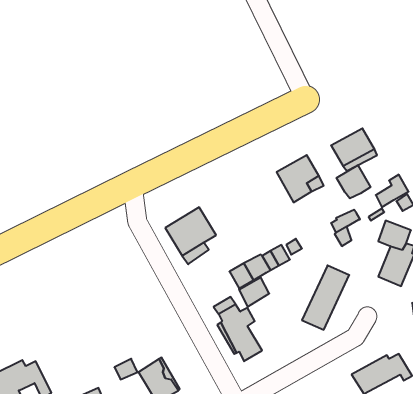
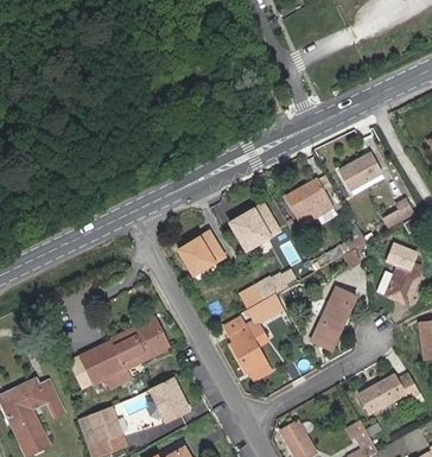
building: [337,165,370,198] -> none
building: none -> [229,202,279,250]
building: none -> [81,317,169,387]

